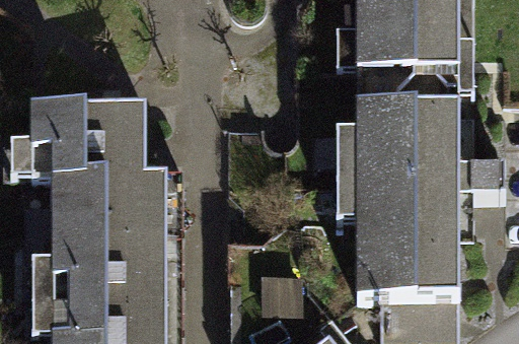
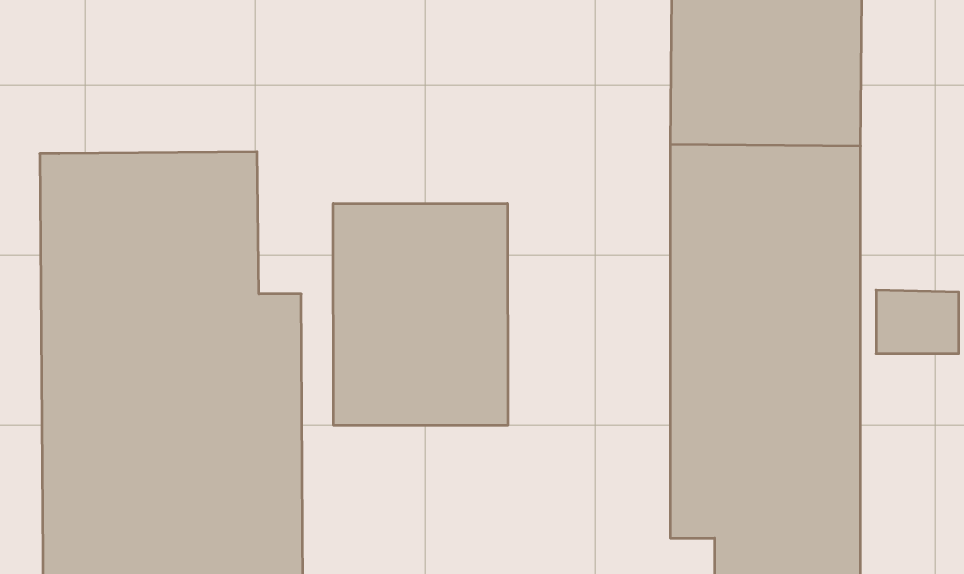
building: none -> [333,203,508,425]

